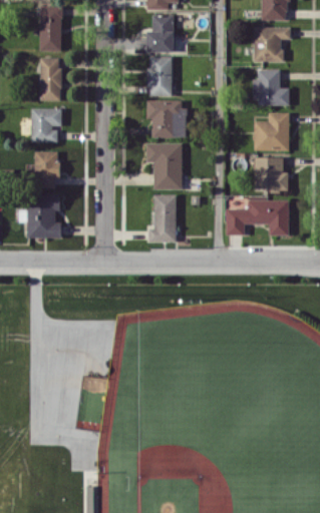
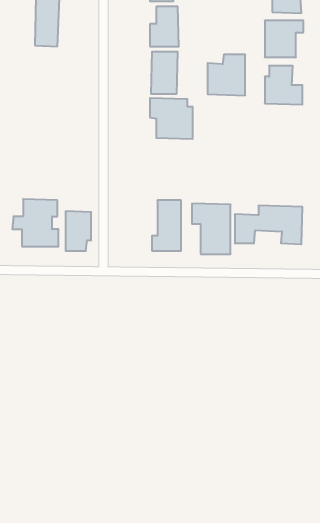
building: [39,57,61,100] -> none
building: [31,108,61,141] -> none
building: [254,112,289,150] -> [208,55,245,95]
building: [145,142,182,189] -> [192,204,231,254]
building: [35,150,59,187] -> [66,211,91,251]
building: [255,156,288,190] -> none

